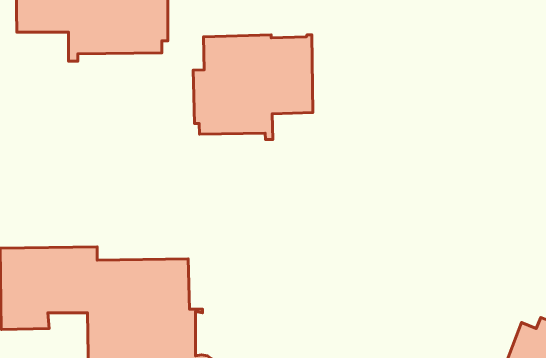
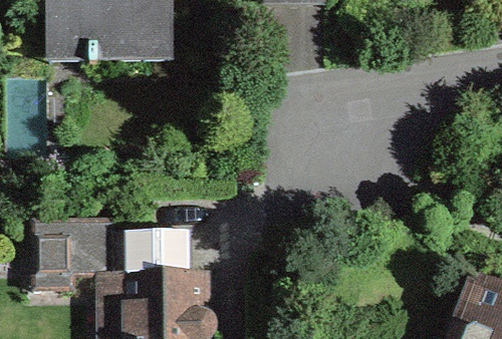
building: [193,35,313,140] -> none

